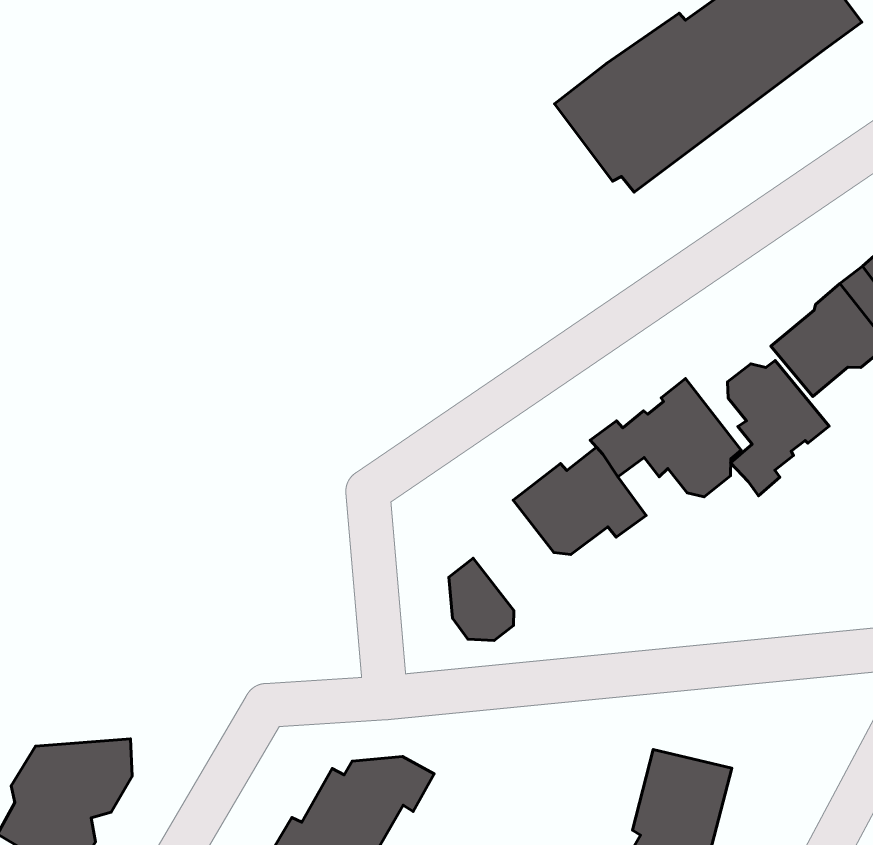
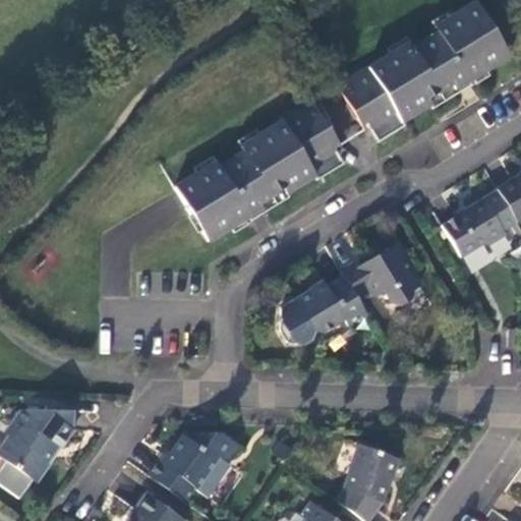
building: none -> [177,102,347,241]
building: [728,360,829,496] -> none
building: [449,558,514,640] -> [282,298,315,344]

